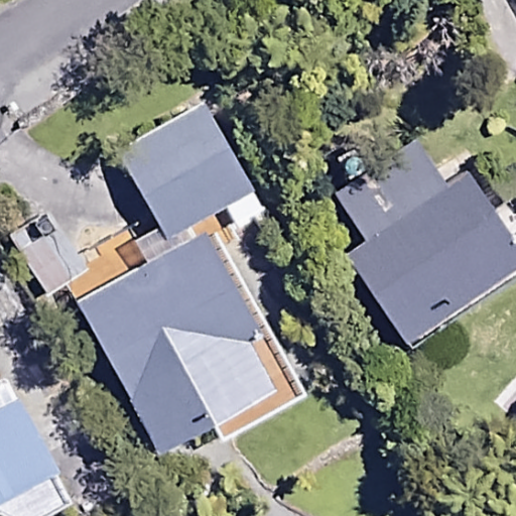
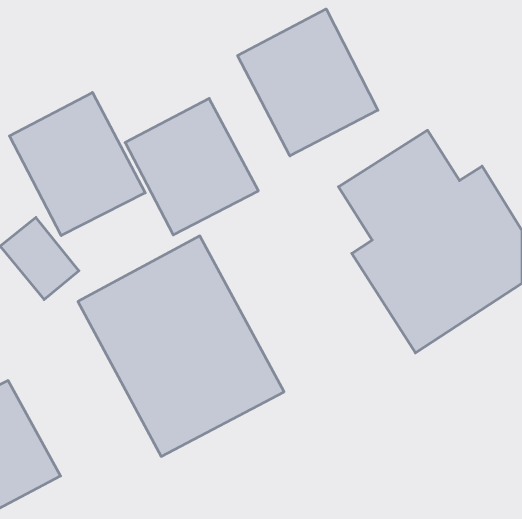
building: none -> [238,9,378,156]
building: none -> [9,92,145,236]

